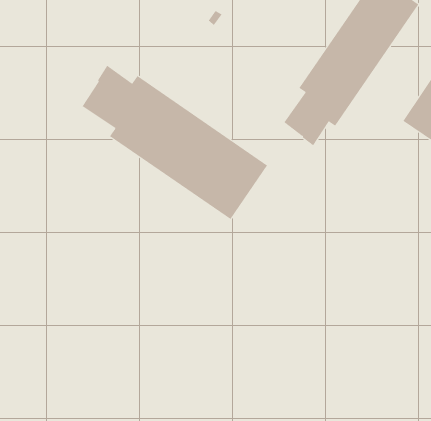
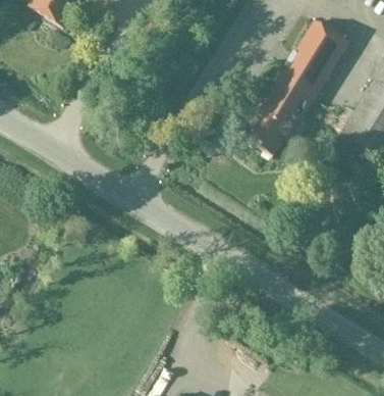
building: [82,65,268,220] -> none

